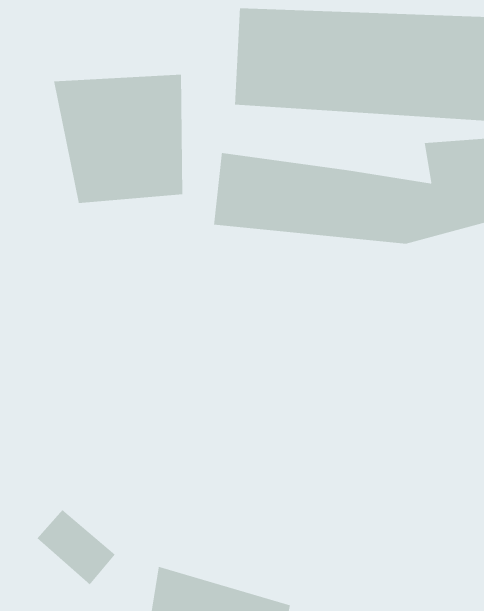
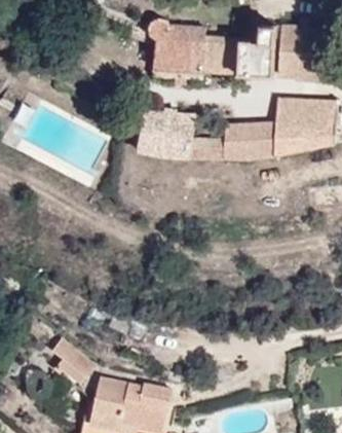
building: [53,74,183,204] -> none

